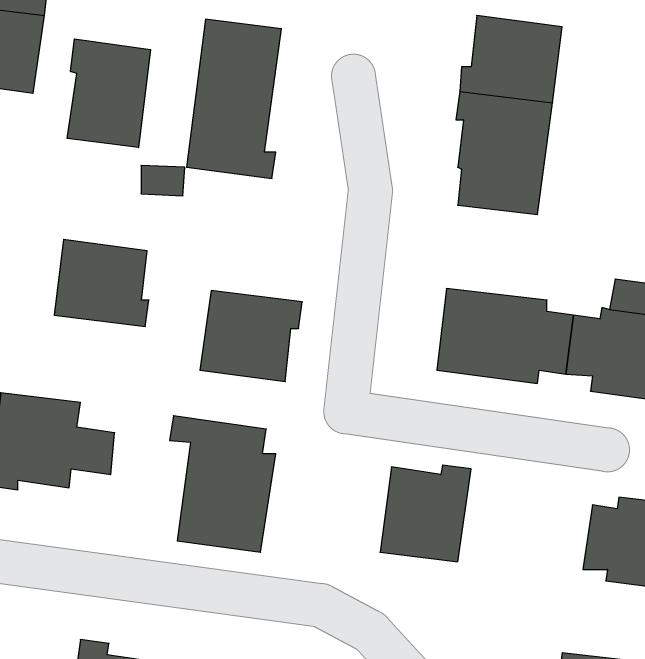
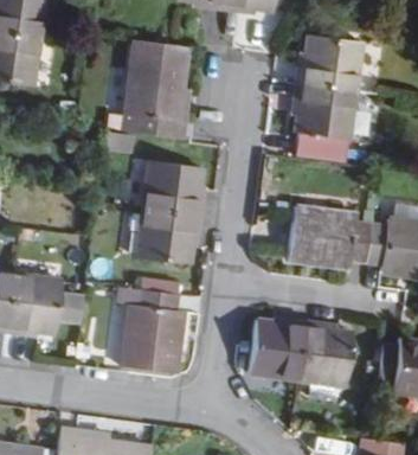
building: [67,39,151,148] -> none
building: [54,239,149,327] -> [144,162,204,217]
building: none -> [298,321,353,385]

